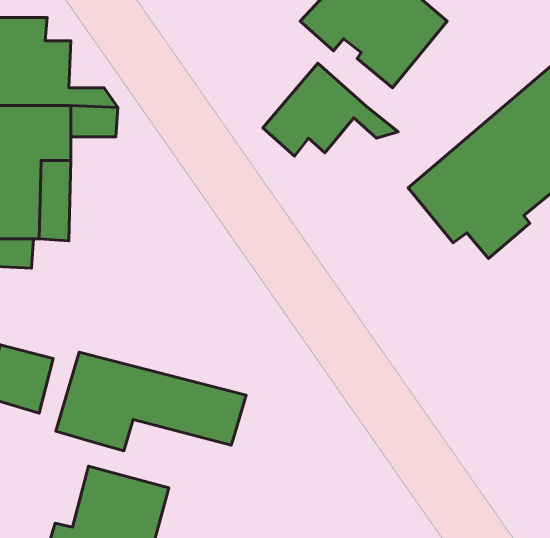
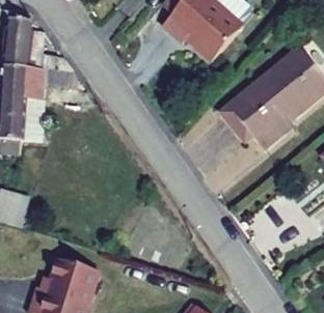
building: [263,63,398,156] -> none
building: [56,352,246,451] -> none

